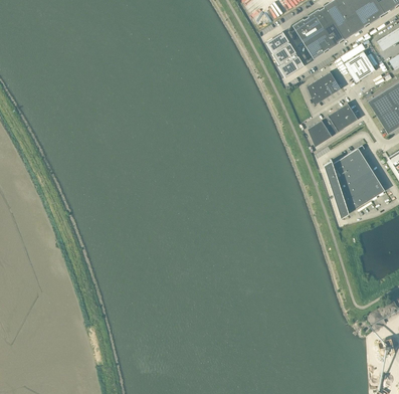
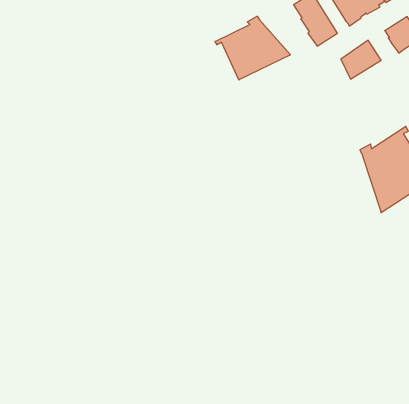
building: none -> [215,16,290,80]
building: [310,103,359,145] -> none

